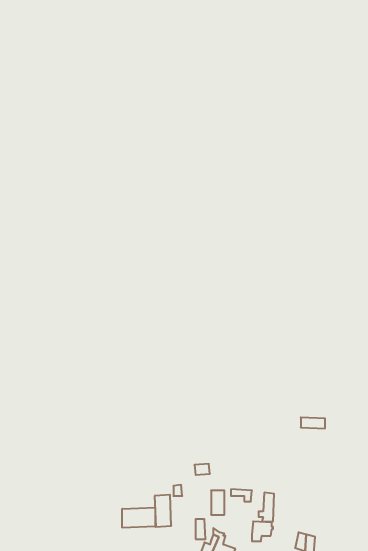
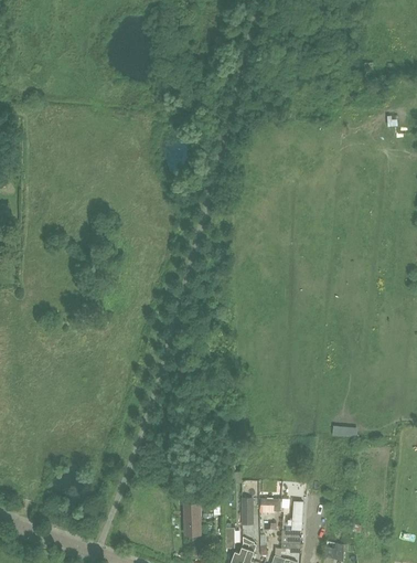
building: [122,508,155,528] -> none

